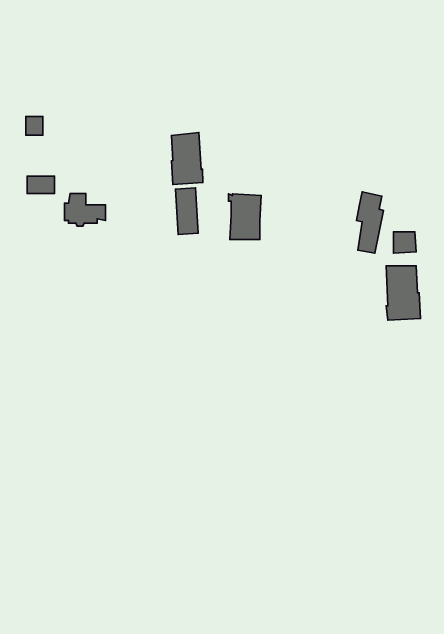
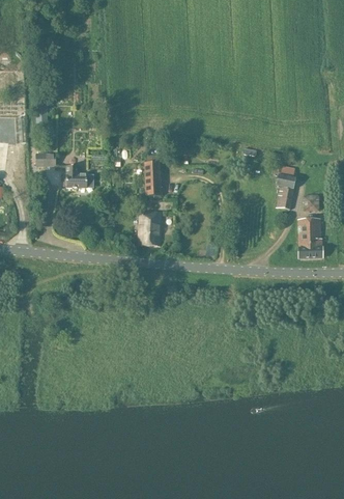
building: [172,133,203,184] -> none
building: [228,194,261,239] -> [137,211,161,244]

